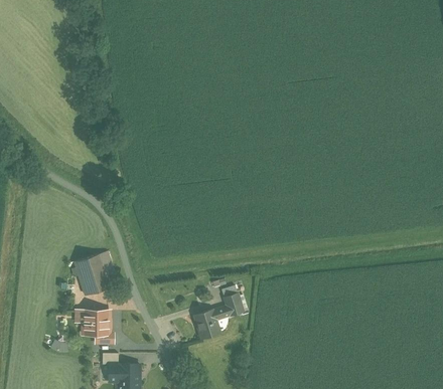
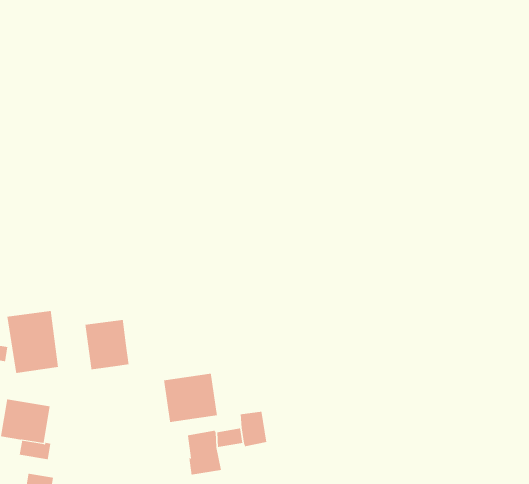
building: none -> [85,319,129,370]
building: none -> [163,373,218,423]

